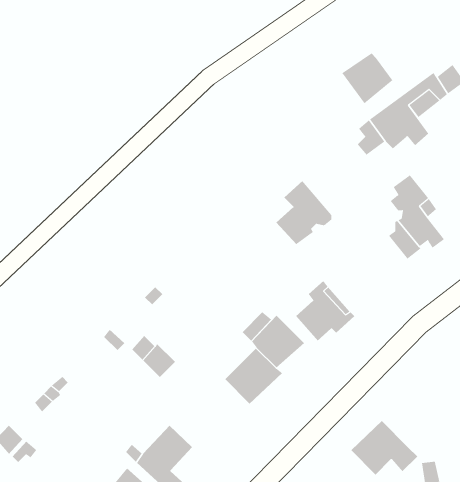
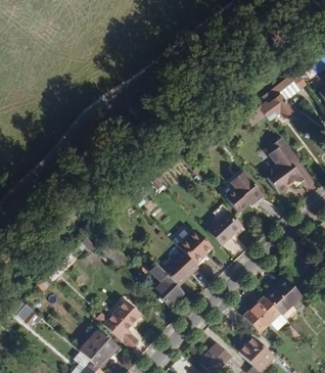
building: [342,52,393,104] -> none
building: [276,180,332,245] -> [226,170,263,212]
building: none -> [148,263,185,308]
building: none -> [264,277,301,314]

